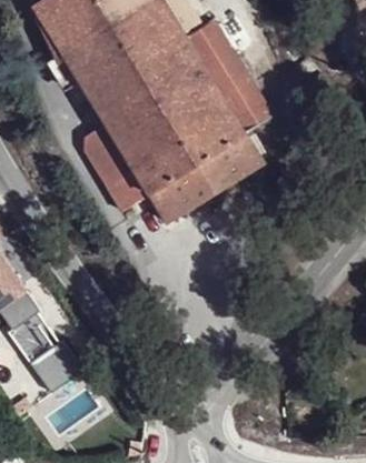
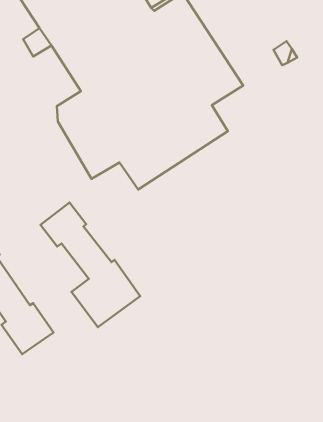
building: none -> [41,202,140,327]

